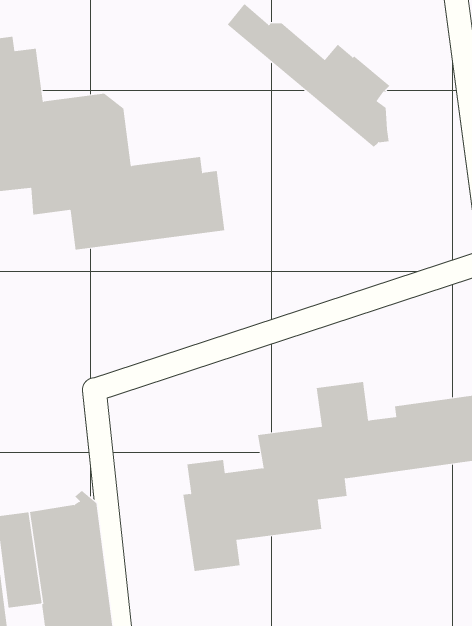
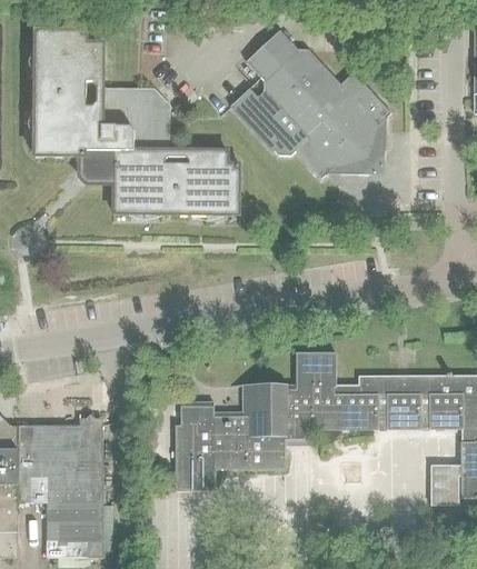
building: none -> [228,44,369,177]

